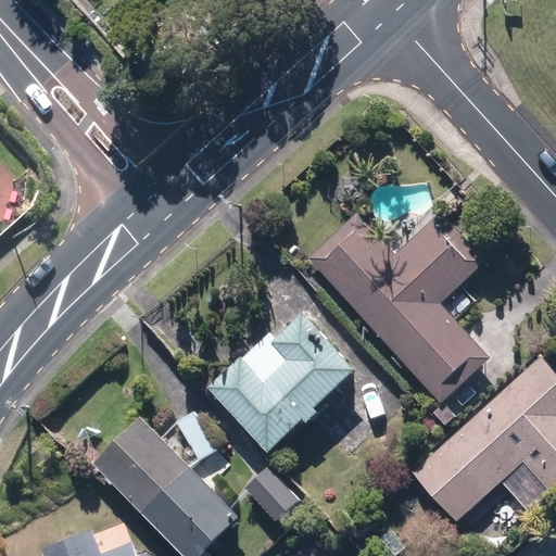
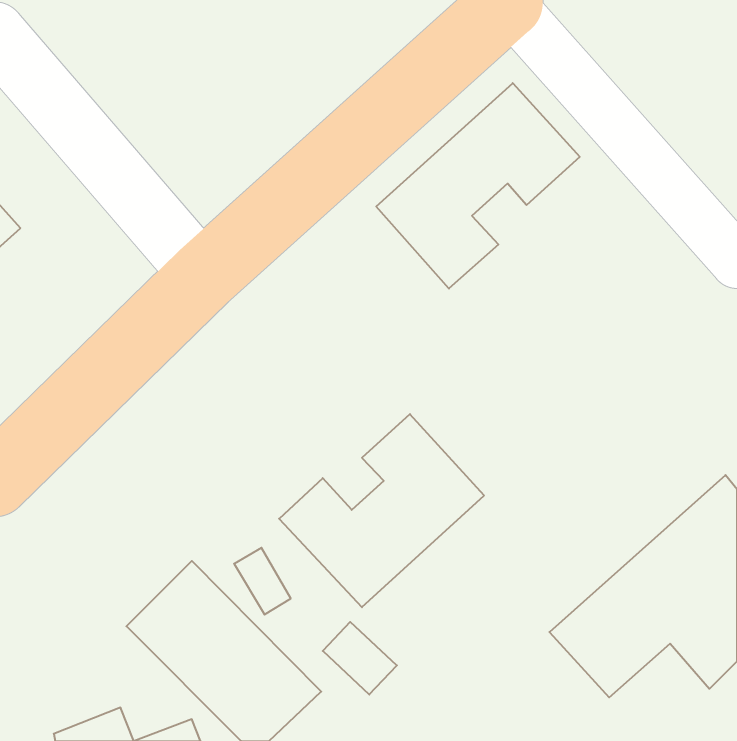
building: none -> [376,83,580,289]
building: [307,213,489,403] -> none

